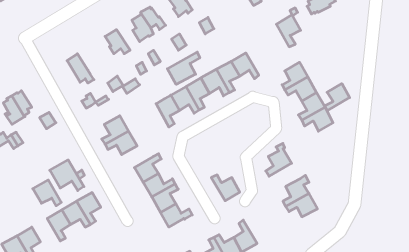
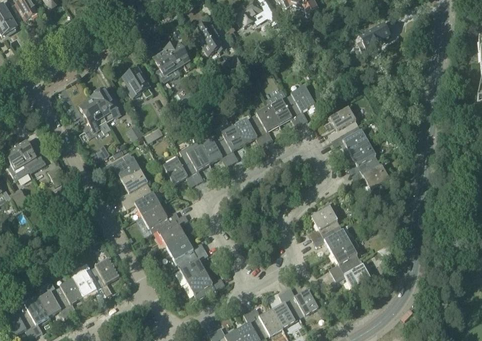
building: [276,15,301,47] -> [286,85,314,122]
building: none -> [91,88,119,121]
building: [167,52,200,84] -> none
building: [325,84,350,111] -> none
building: none -> [103,152,140,179]
building: none -> [165,155,197,185]
building: none -> [142,204,179,232]
building: [50,160,84,191] -> none
building: none -> [313,224,349,251]
building: [211,175,240,201] -> [283,287,316,317]
building: [33,180,61,206] -> [38,288,71,318]

